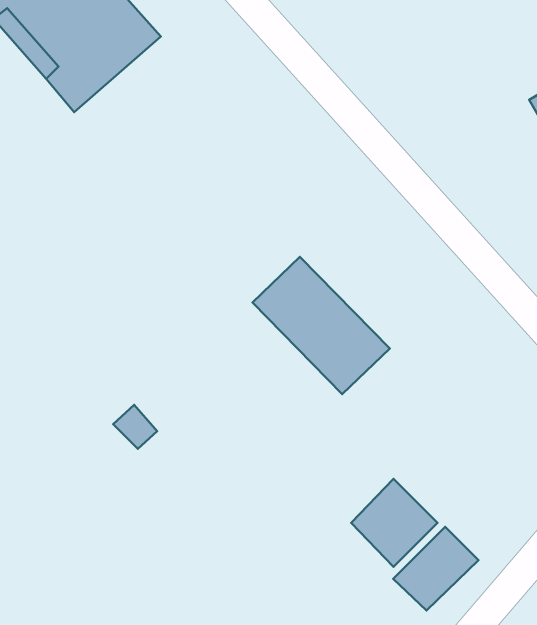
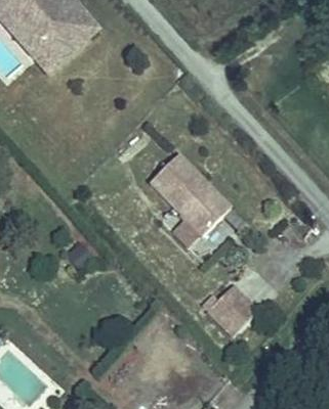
building: [393,527,478,610] -> none

